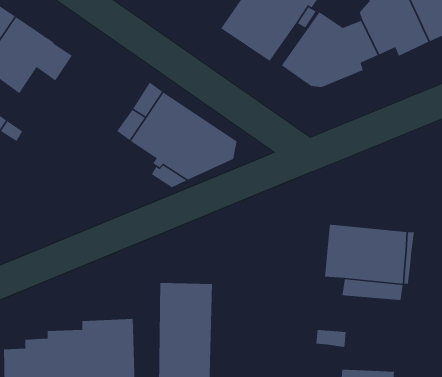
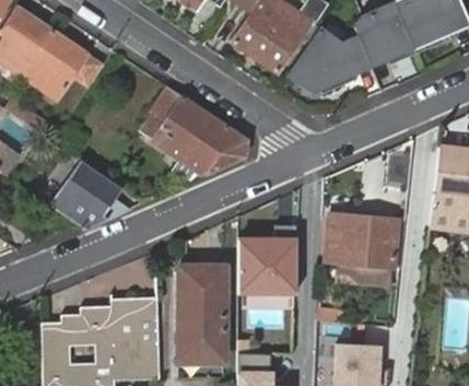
building: none -> [63,177,129,231]
building: none -> [239,237,296,293]

